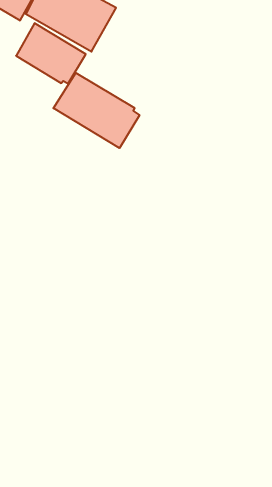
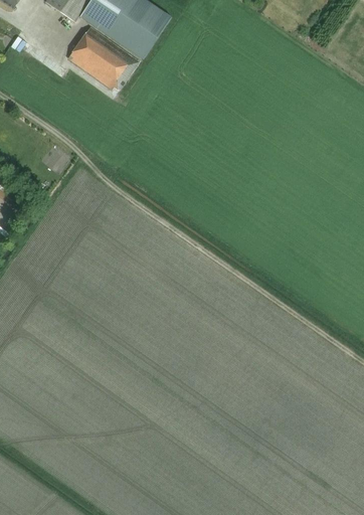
building: [53,73,139,148] -> none

